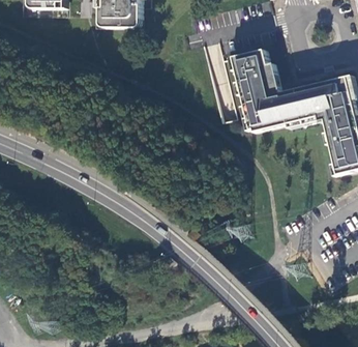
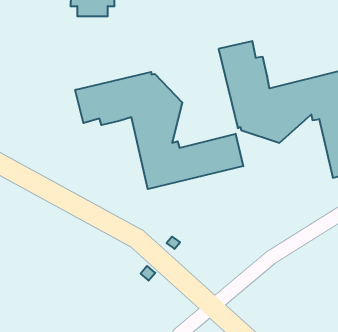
building: none -> [75,72,243,189]

